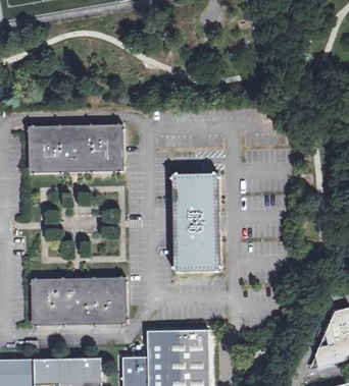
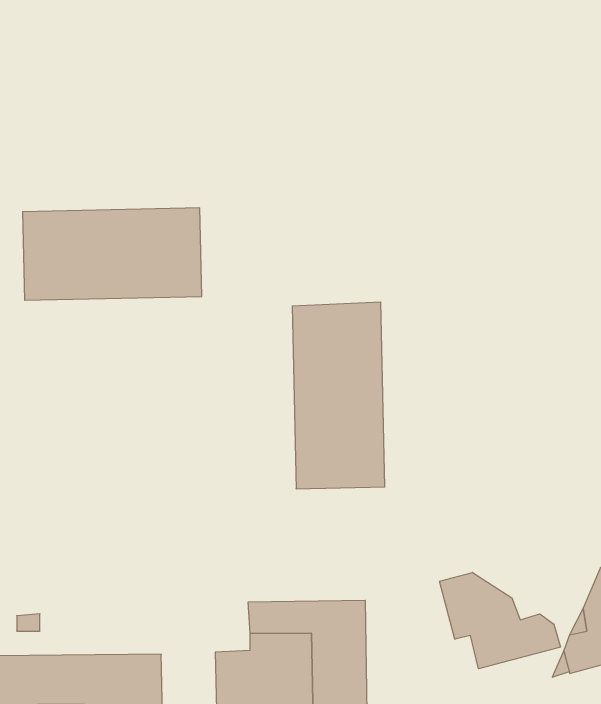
building: [31,276,126,323] -> none
building: none -> [439,572,561,669]

